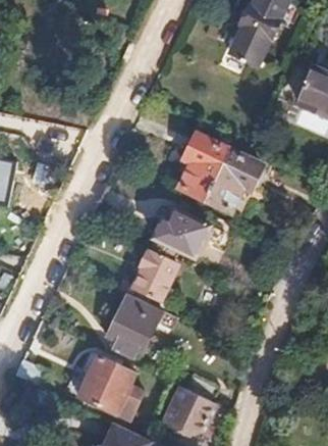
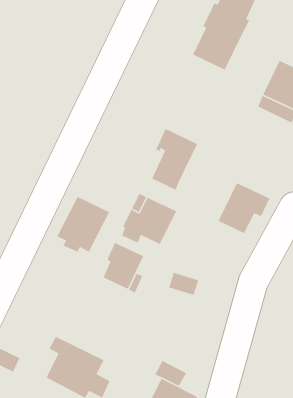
building: [209,152,263,205] -> [217,182,270,234]
building: [106,292,161,350] -> [56,196,110,253]

